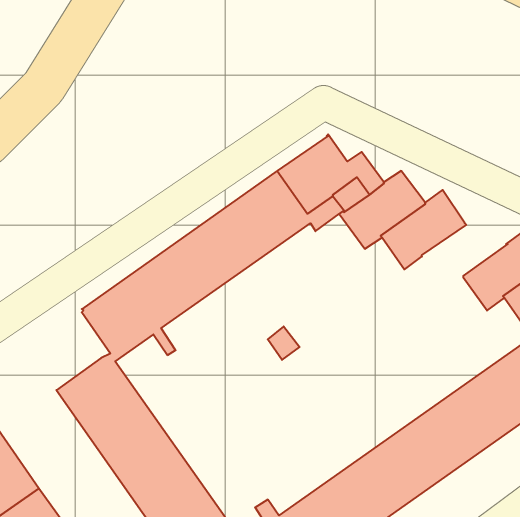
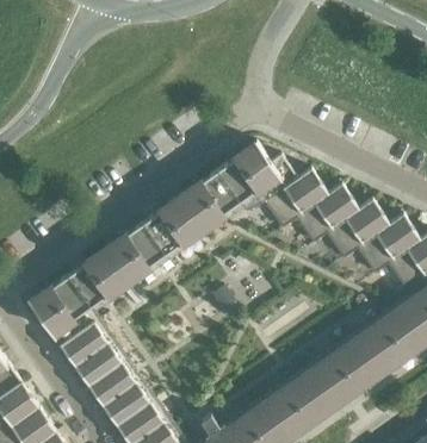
building: none -> [327,200,391,260]
building: none -> [30,274,93,335]

